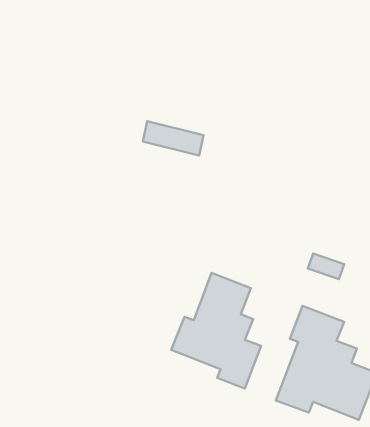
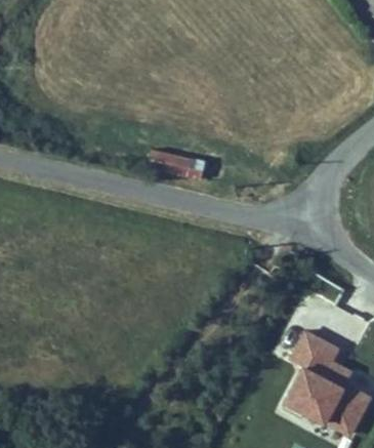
building: [171,273,261,388] -> none

